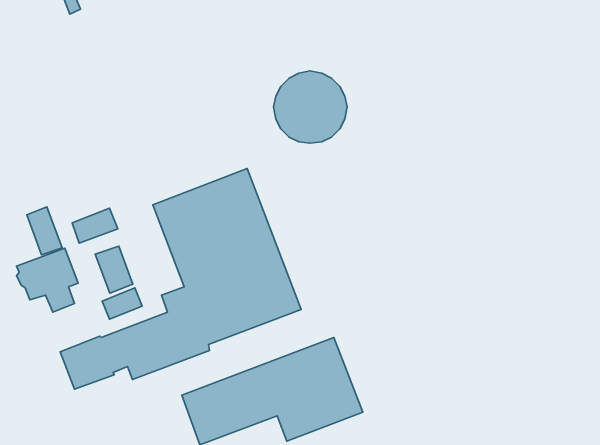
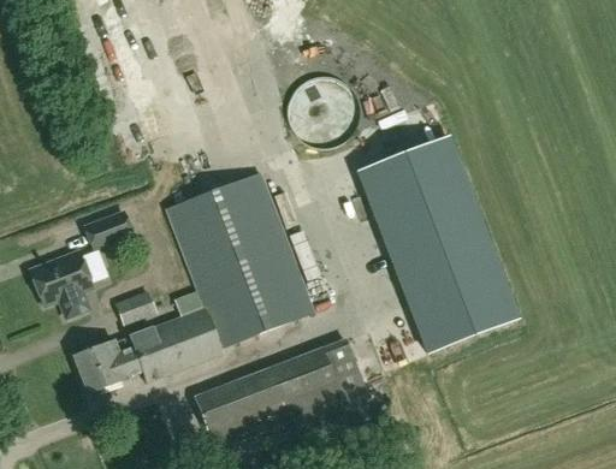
building: none -> [357,135,517,350]
building: [27,207,62,255] -> none
building: [95,246,133,293] -> none

